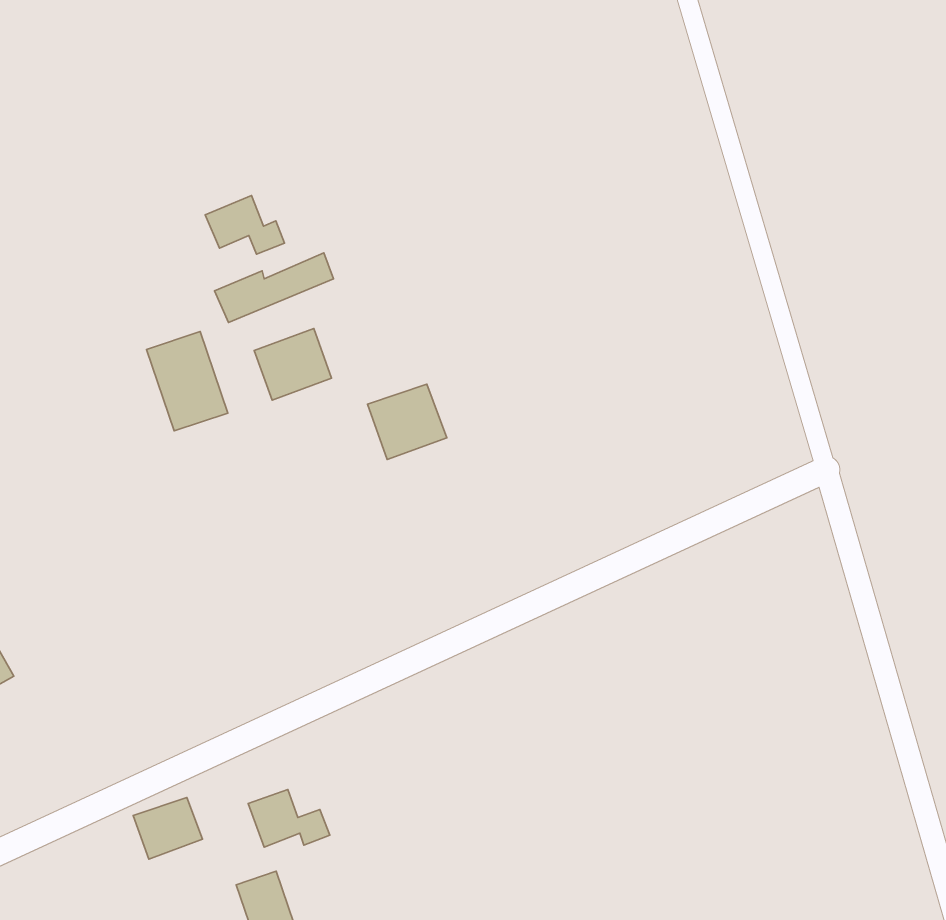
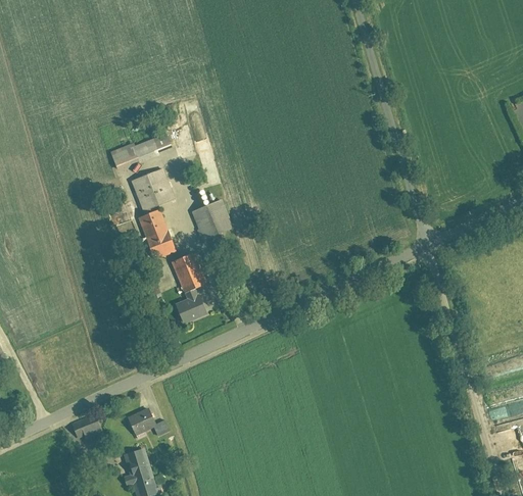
building: [205,195,284,254] -> none
building: [146,332,228,431] -> [135,209,177,260]
building: none -> [170,251,208,321]

